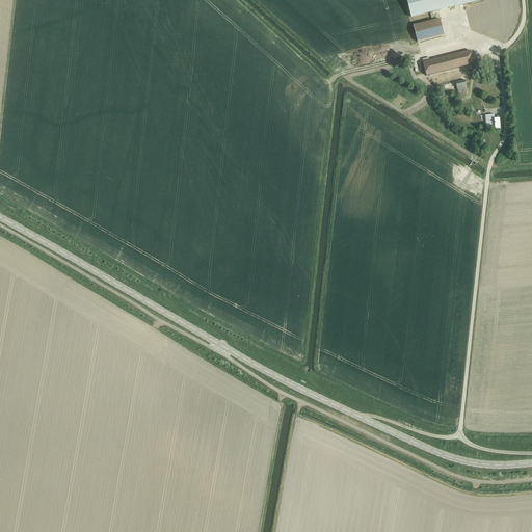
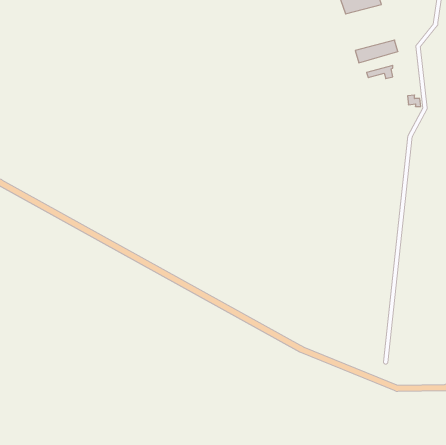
building: [414,17,444,41] -> none

